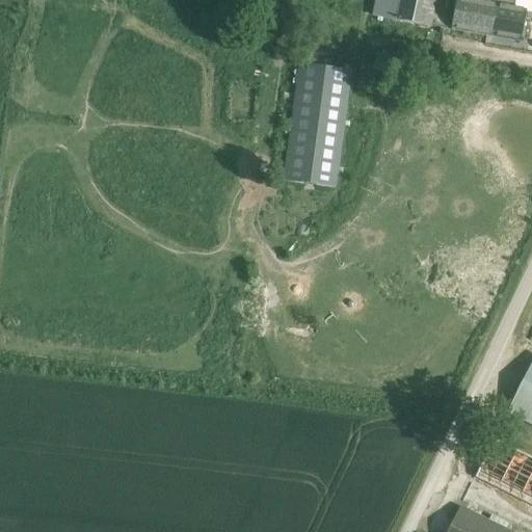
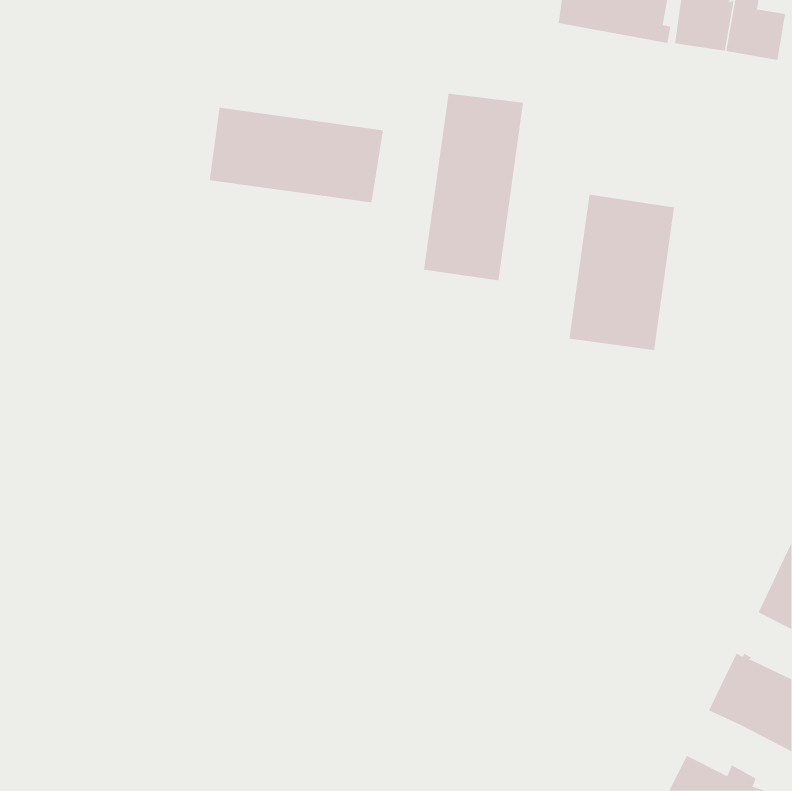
building: none -> [209,107,383,203]
building: none -> [569,194,674,351]

